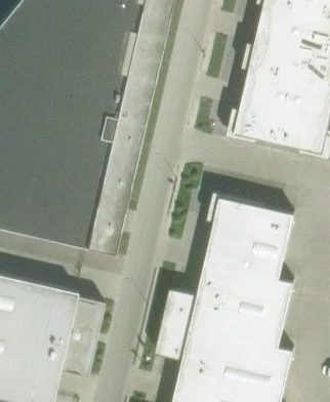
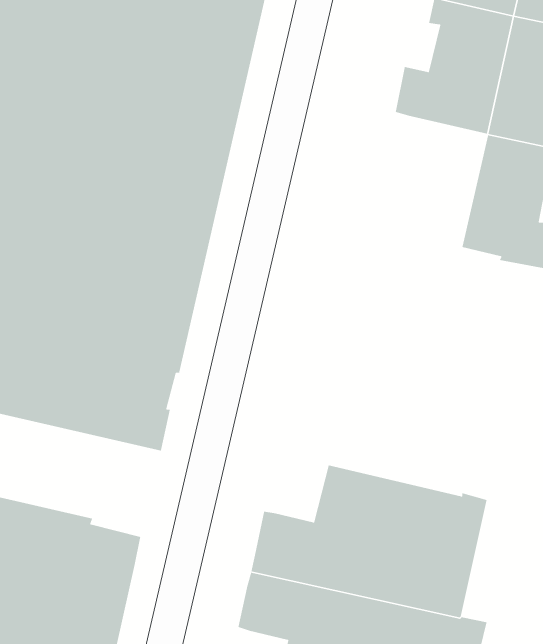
building: [228,70,294,143] -> none
building: [206,196,294,280] -> none

